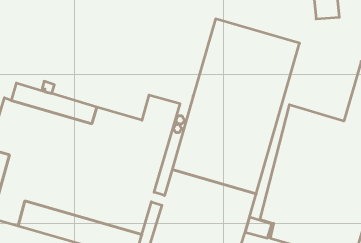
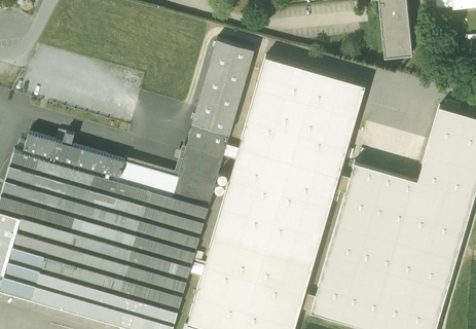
building: none -> [186,39,254,159]

